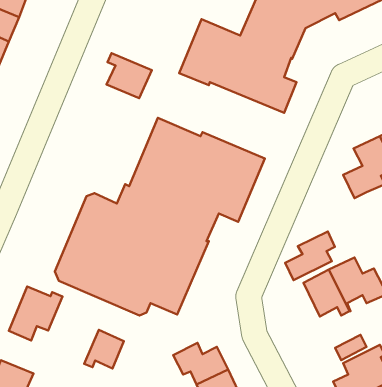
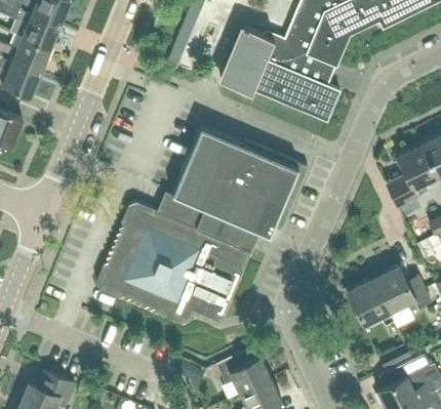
building: [107,53,152,98] -> none
building: [285,231,335,280] -> none
building: [9,286,62,340] -> none
building: [84,330,124,368] -> none

